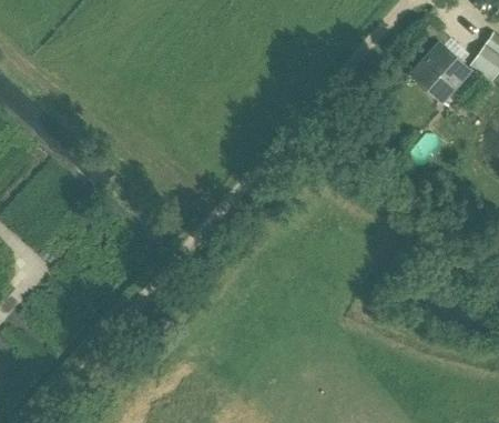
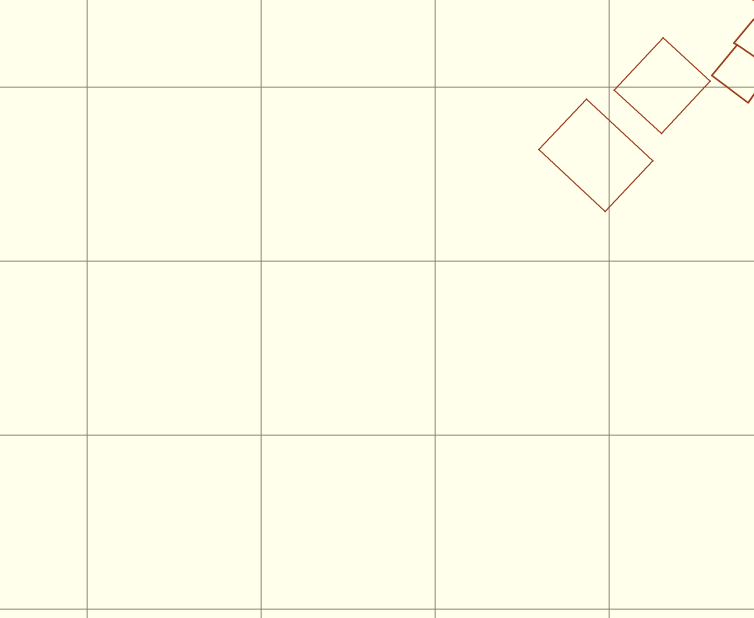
building: none -> [539,99,653,211]

